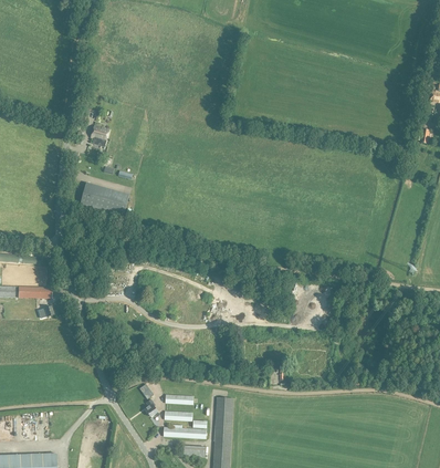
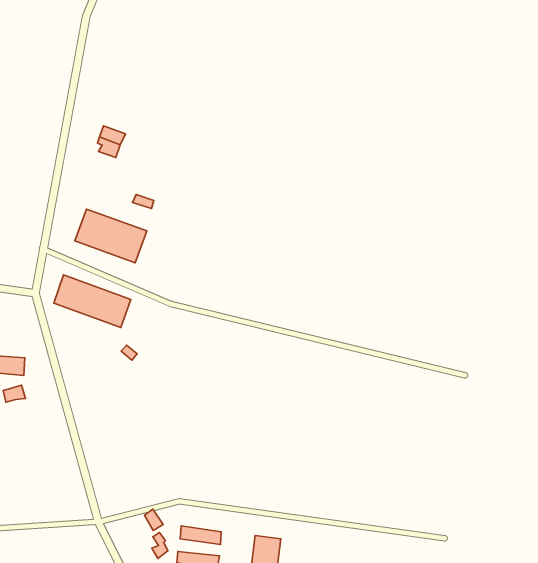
building: none -> [54,275,131,327]

